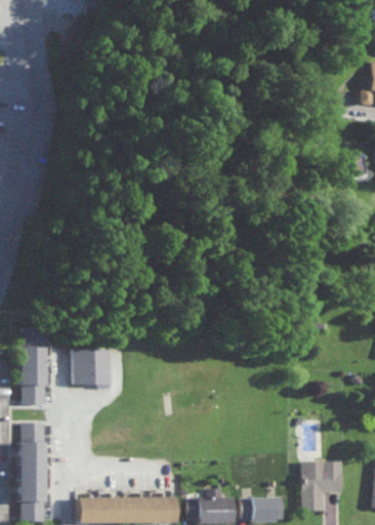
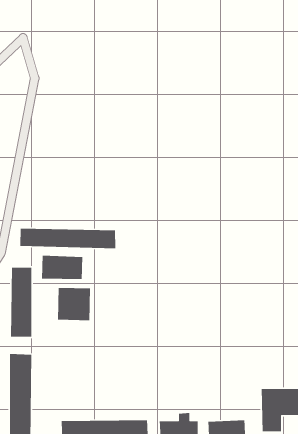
building: none -> [19,228,116,249]
building: none -> [41,255,83,280]

